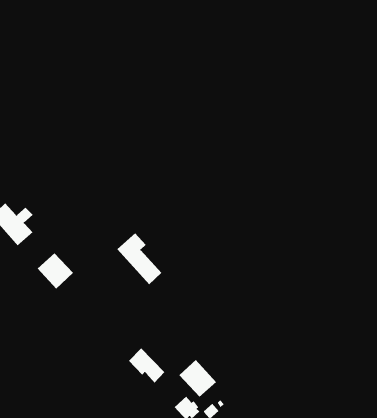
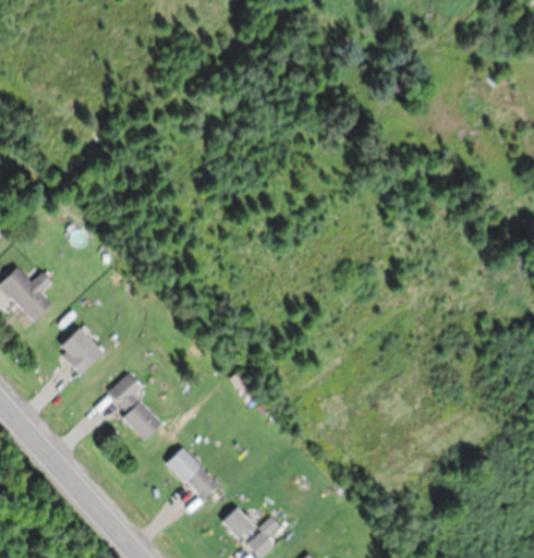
building: [117,232,162,285] -> [105,376,161,441]
building: [178,359,217,397] -> none

